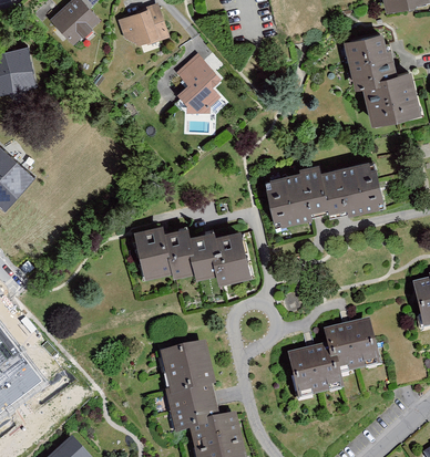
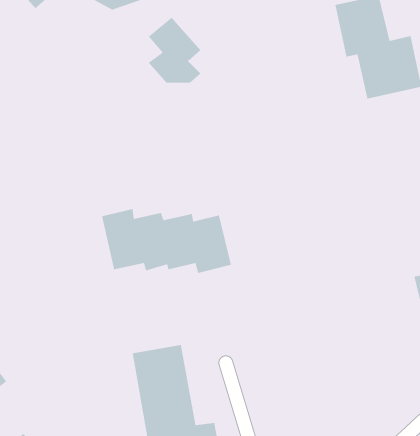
building: [265,157,381,225] -> none
building: [287,321,379,398] -> none

